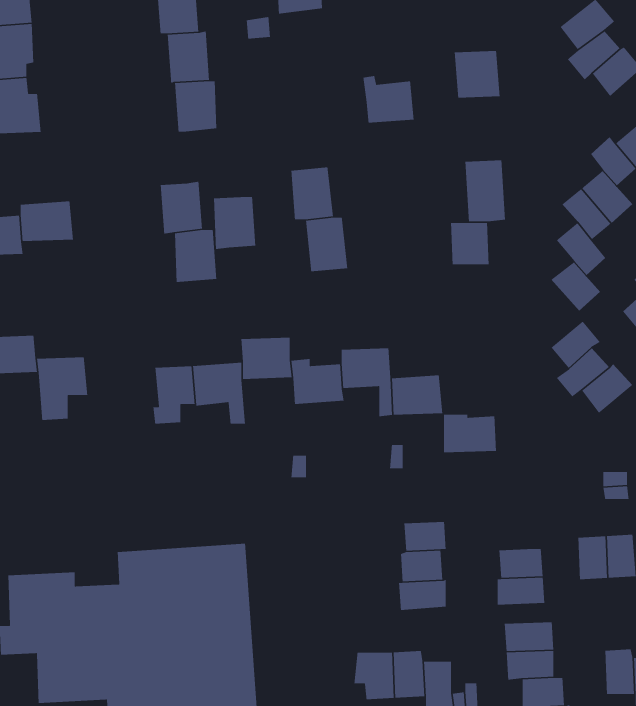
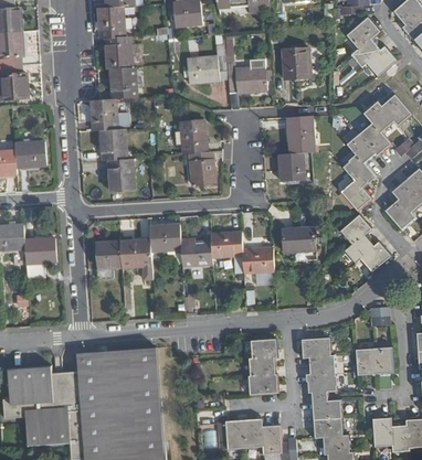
building: none -> [188,44,228,83]
building: [213,196,256,250] -> [91,98,117,131]
building: [443,414,497,453] -> [283,228,316,253]
building: none -> [303,336,331,355]

